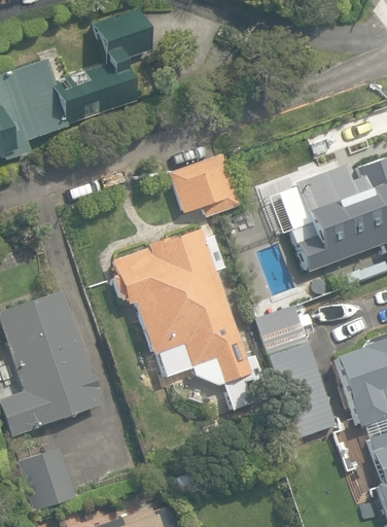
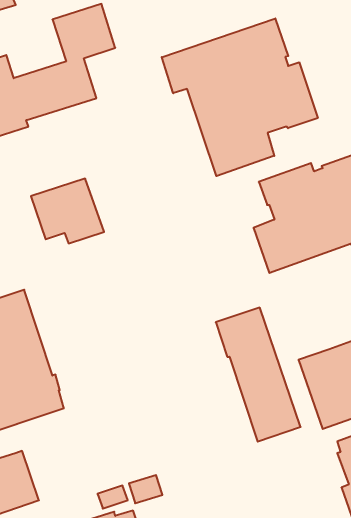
building: none -> [162,18,318,176]
building: [169,152,241,216] -> [31,179,104,243]
building: [113,226,261,405] -> none

